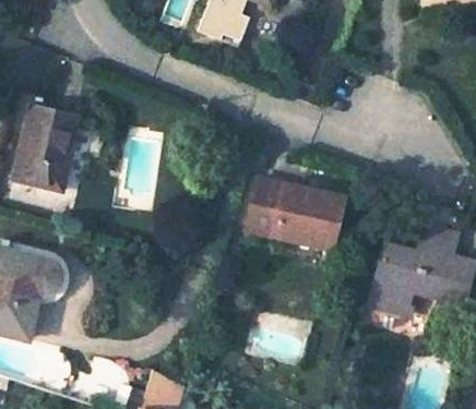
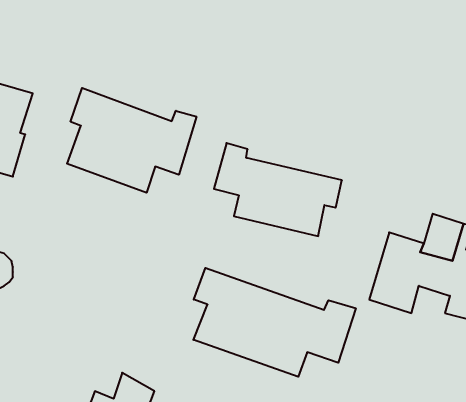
building: none -> [67,88,196,193]
building: none -> [193,268,356,377]

